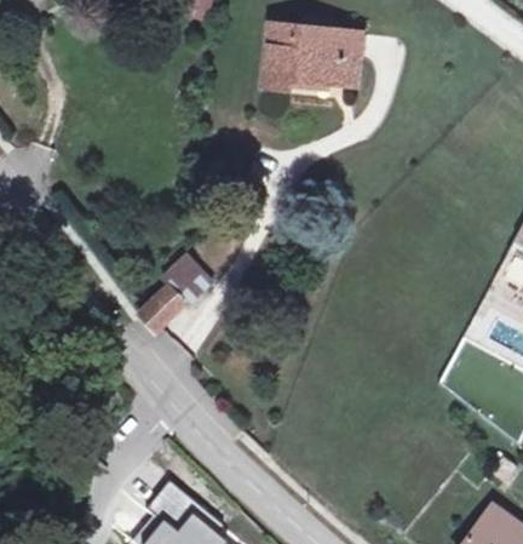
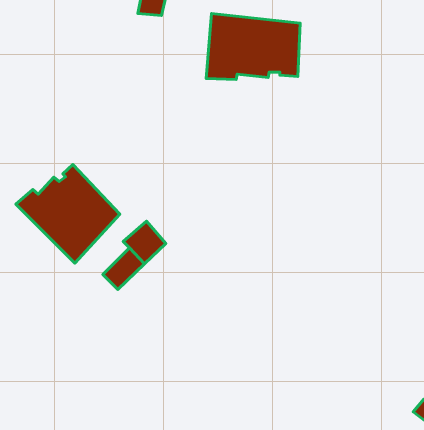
building: none -> [16,165,120,263]

